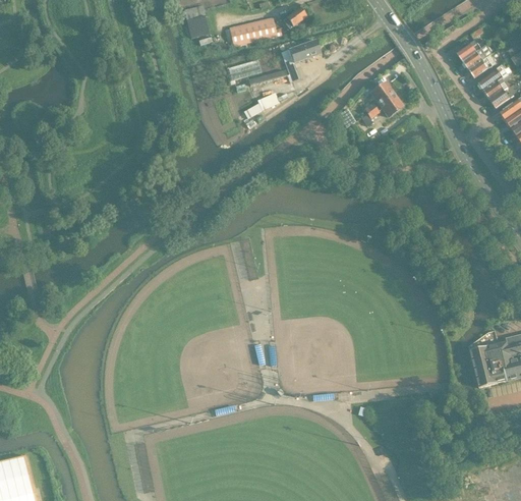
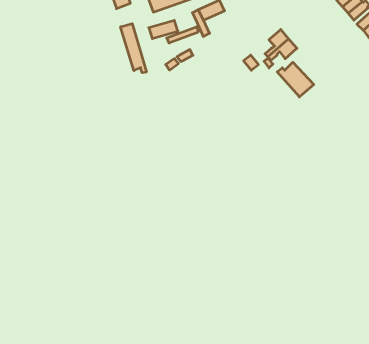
building: none -> [121,24,146,73]
building: none -> [277,62,314,97]

